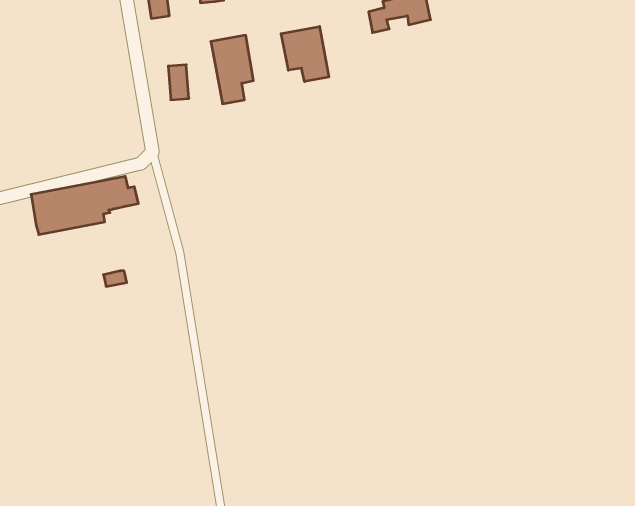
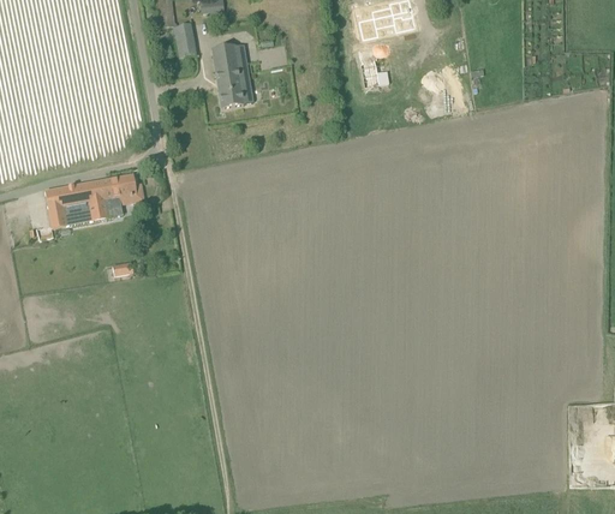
building: [281,26,329,82] -> none
building: [168,65,189,100] -> [175,23,195,55]

